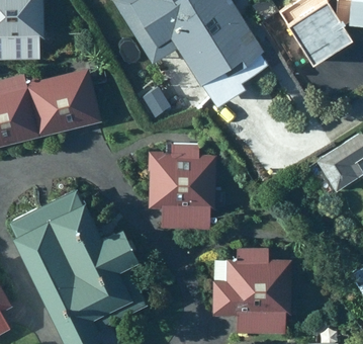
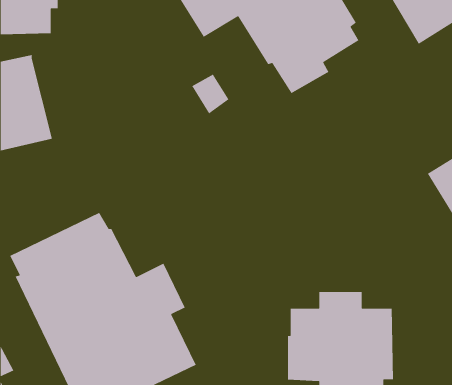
building: [25,69,101,137] -> none
building: [149,145,216,229] -> none

